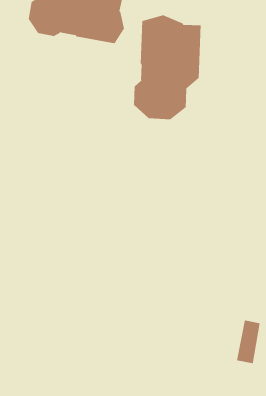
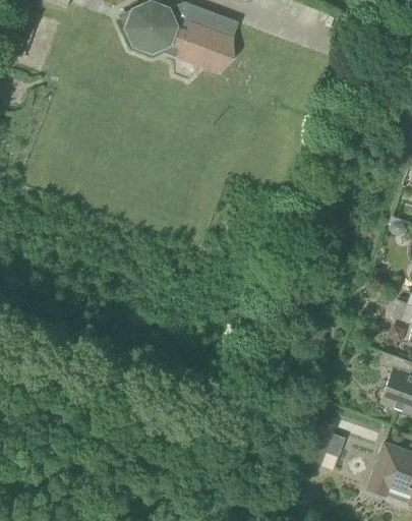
building: [133,14,201,120] -> none

